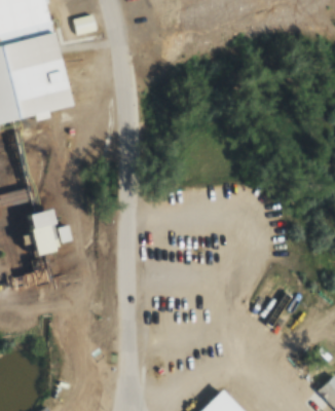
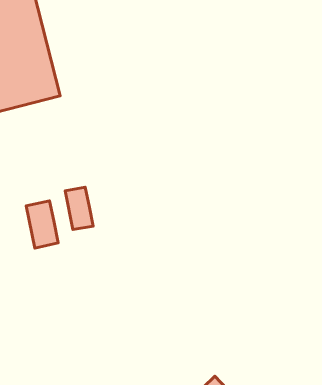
building: none -> [65,187,93,229]

